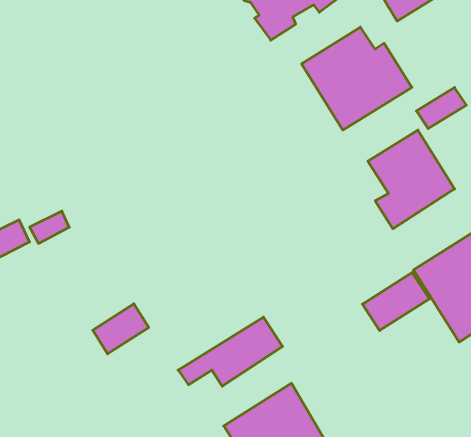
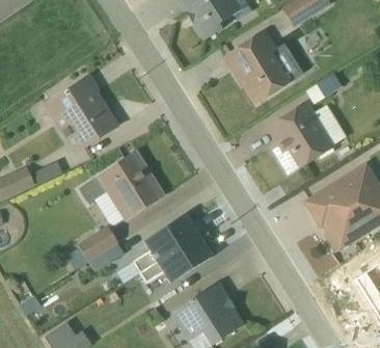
building: none -> [44,76,120,154]
building: none -> [80,151,164,219]
building: [362,272,430,331] -> none
building: none -> [133,214,199,272]

